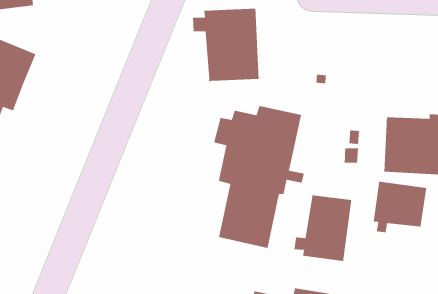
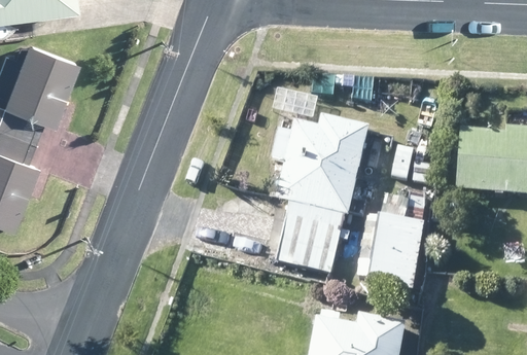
building: [192,8,259,82] -> none
building: [373,181,427,233] -> none

